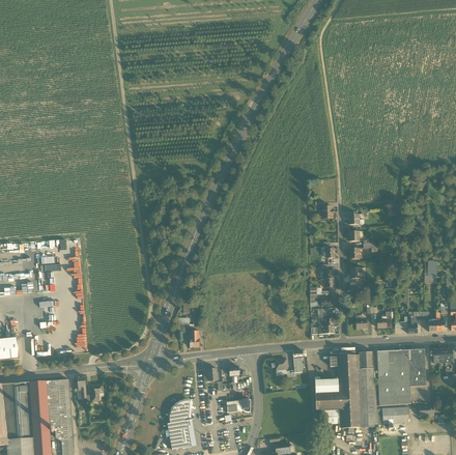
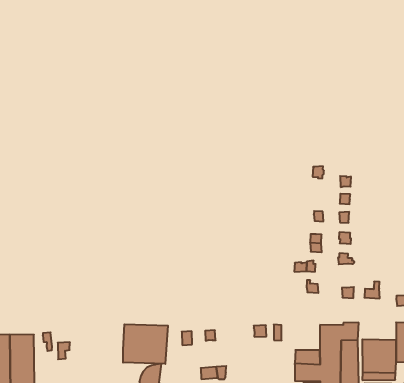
building: [377,349,409,367] -> none
building: none -> [123,324,168,364]

